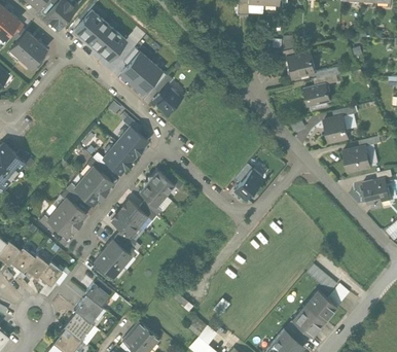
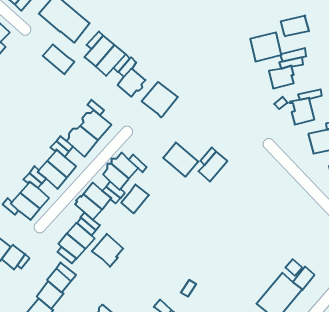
building: none -> [281,15,309,36]
building: none -> [43,44,74,74]
building: none -> [142,82,178,117]
building: none -> [163,142,198,177]
building: none -> [121,184,149,213]
building: none -> [92,234,123,267]

